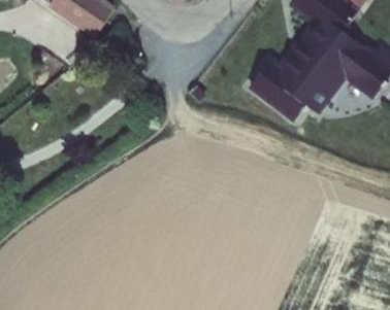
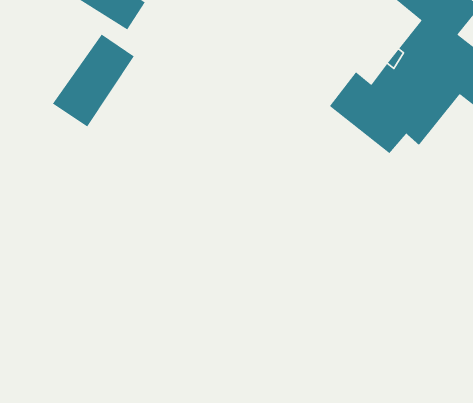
building: none -> [52,33,135,127]

